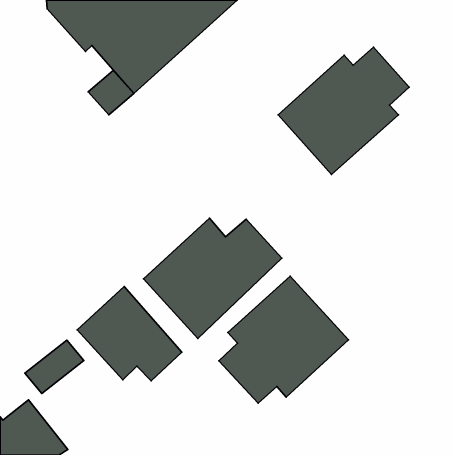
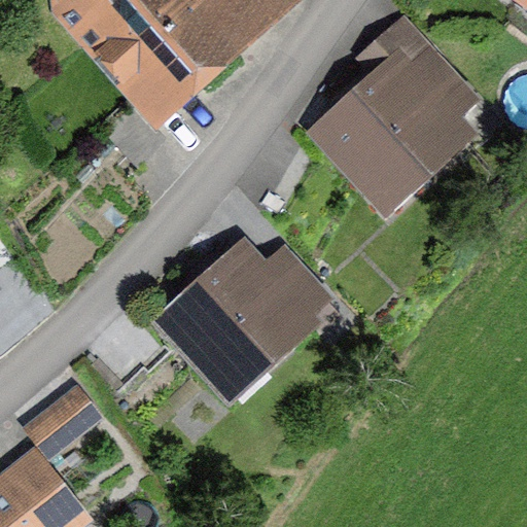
building: [219,276,348,403] -> none
building: [77,287,182,381] -> none

